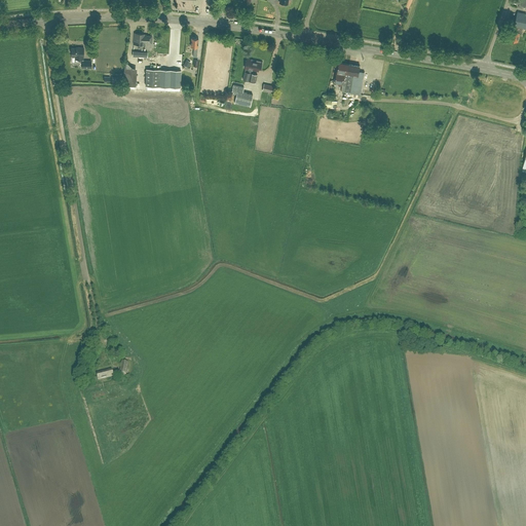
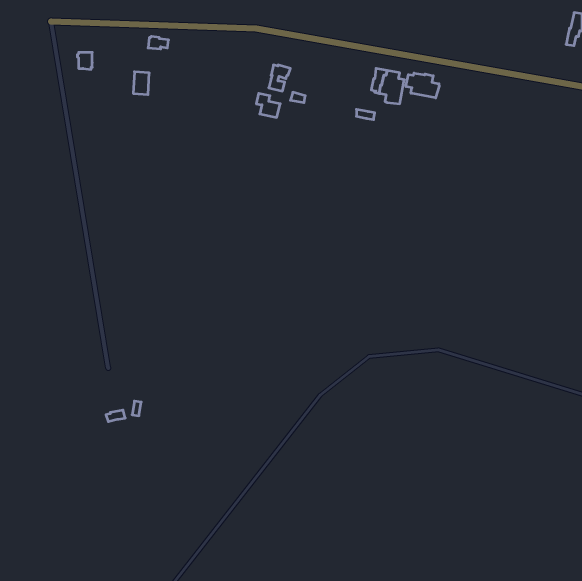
building: none -> [406,73,439,98]
building: [145,70,181,88] -> none

